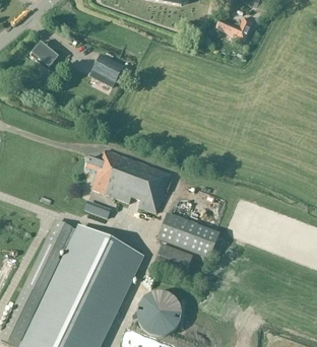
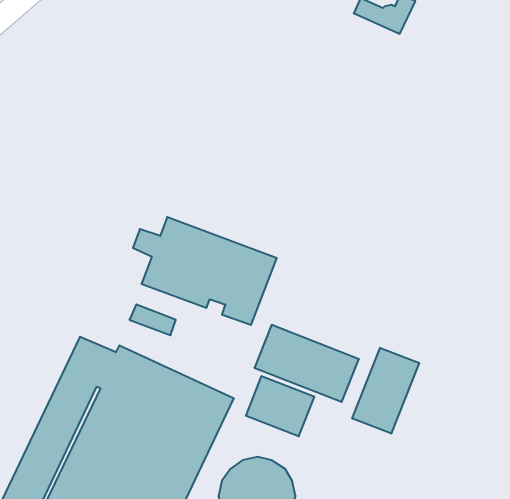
building: [30,41,61,69] -> none
building: [89,54,123,86] -> none
building: none -> [352,348,419,434]

